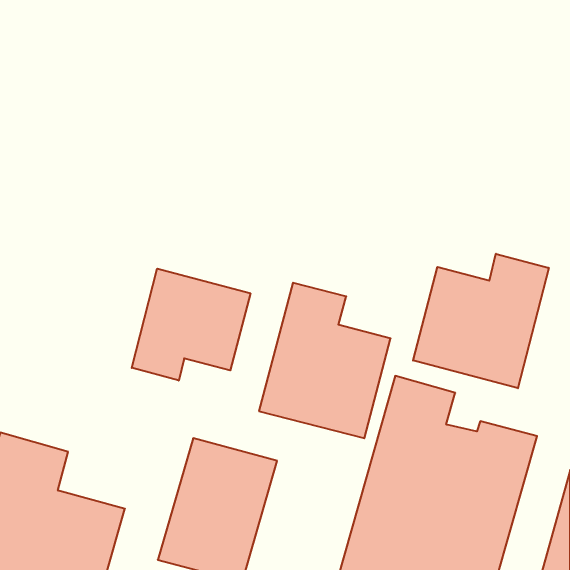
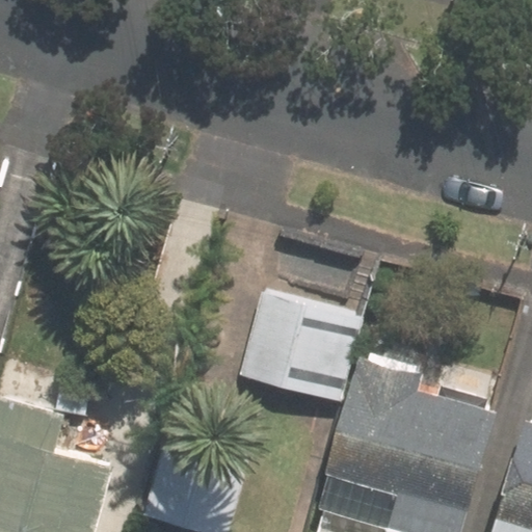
building: [413,254,549,388] -> none
building: [132,269,250,381] -> none

